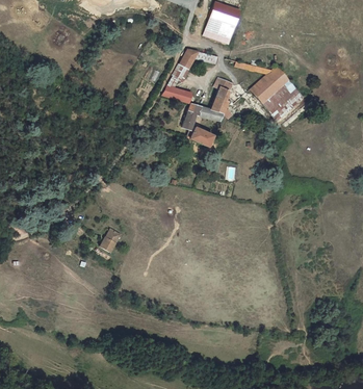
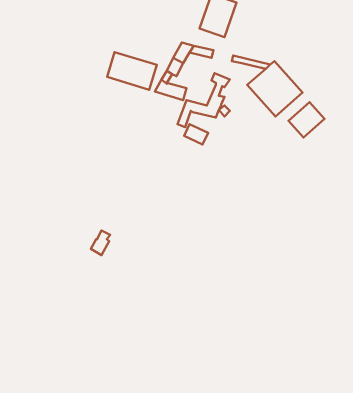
building: none -> [107,52,157,90]
building: none -> [288,102,324,138]

